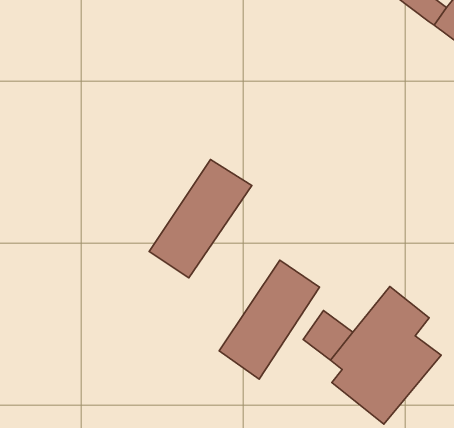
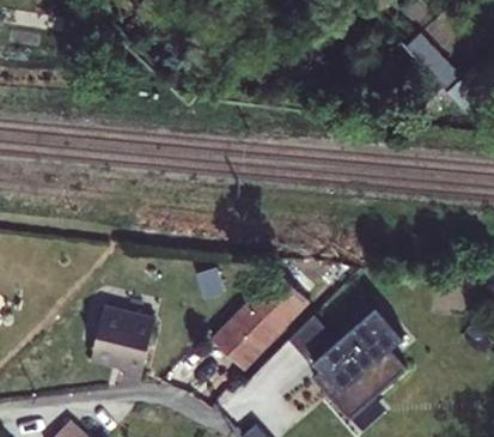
building: [149,160,252,278] -> none
building: none -> [89,310,153,384]

